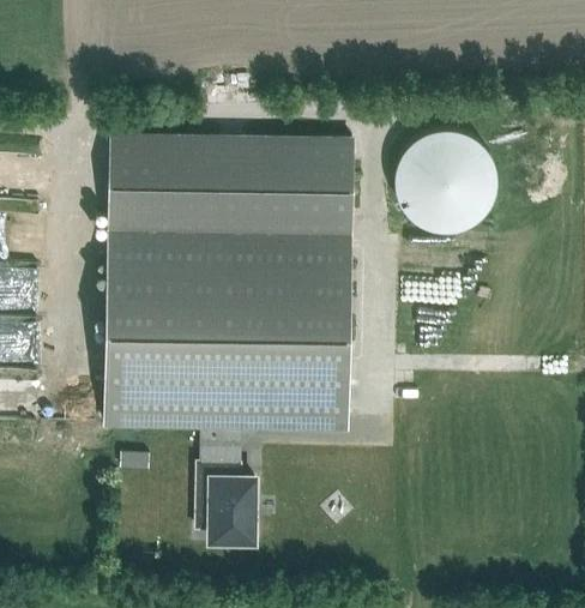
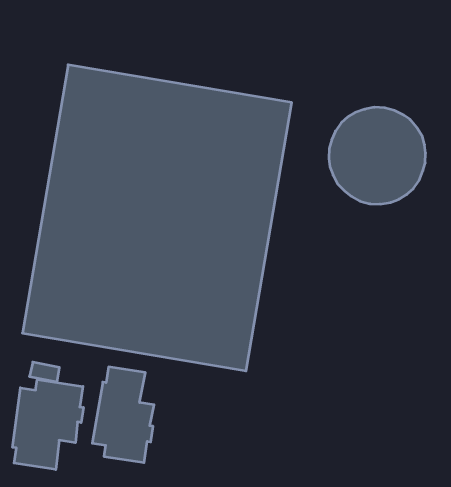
building: none -> [13,379,83,470]

